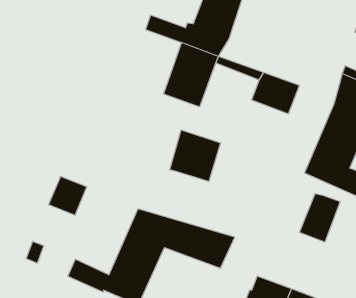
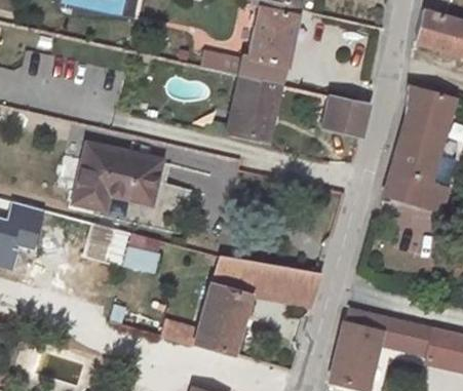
building: none -> [72,144,160,210]
building: [170,130,221,181] -> none
building: [300,194,340,242] -> none

